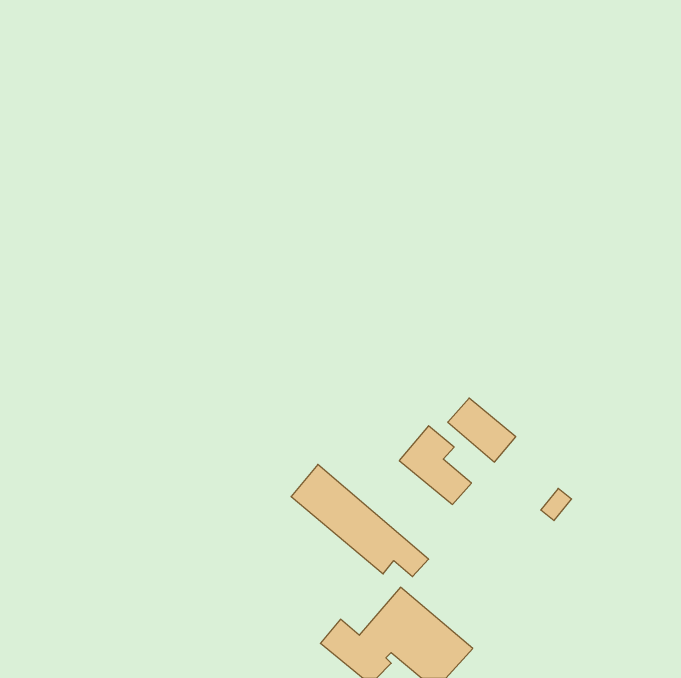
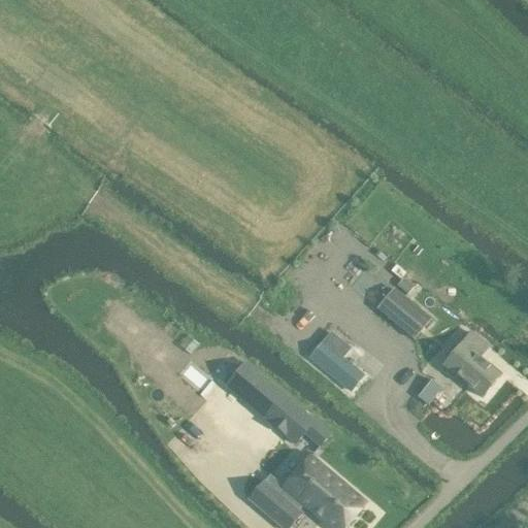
building: [448,398,516,462] -> [376,288,429,337]
building: none -> [443,331,500,395]

